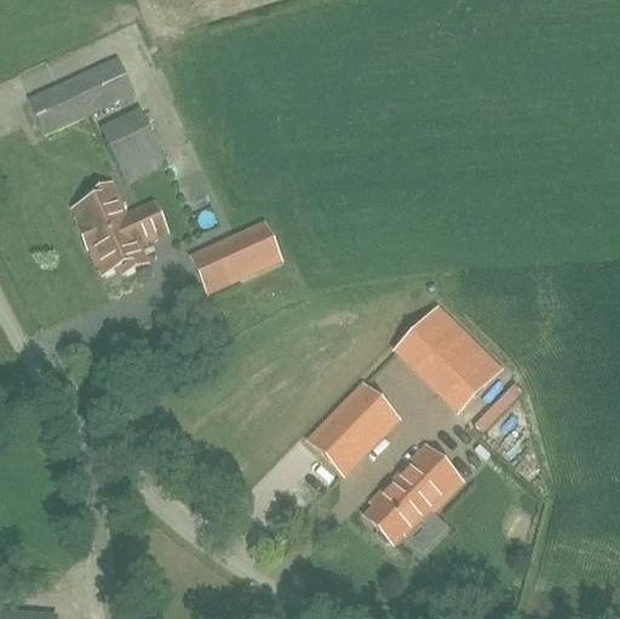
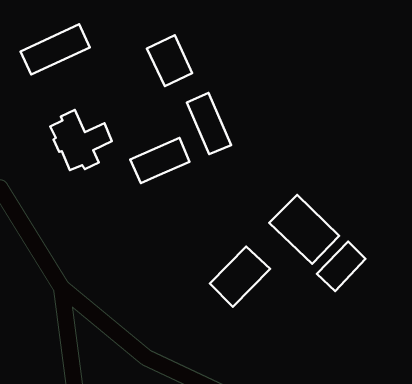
building: [101,105,167,180] -> [147,35,192,86]
building: none -> [187,93,231,154]
building: [366,445,463,543] -> none

